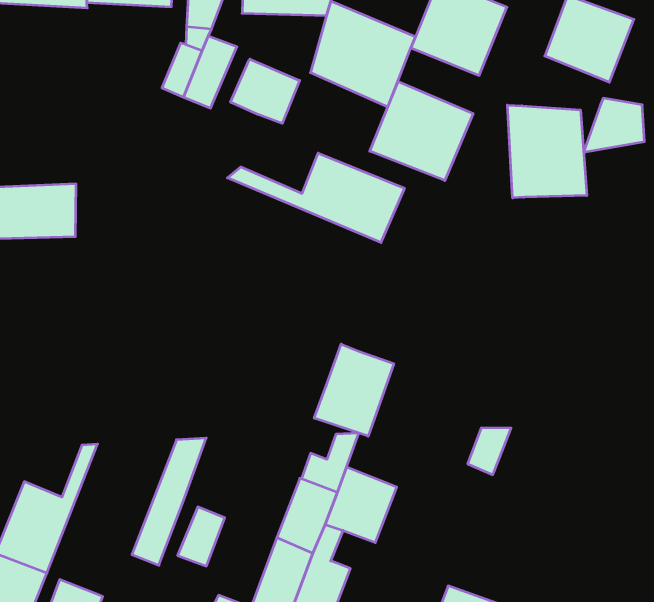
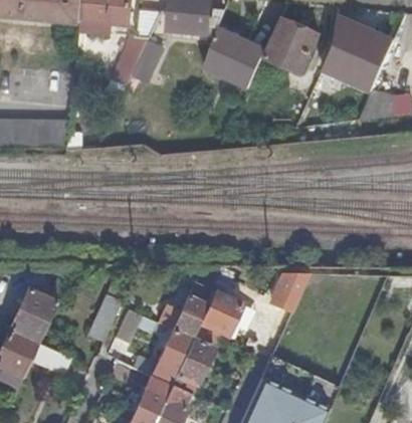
building: [231,59,300,123] -> none
building: [370,81,473,181] -> none
building: [507,105,587,198] -> none
building: [227,153,404,243] -> none
building: [314,344,394,436] -> none

